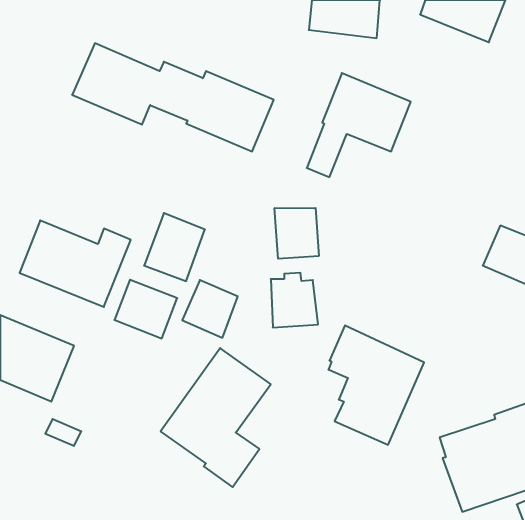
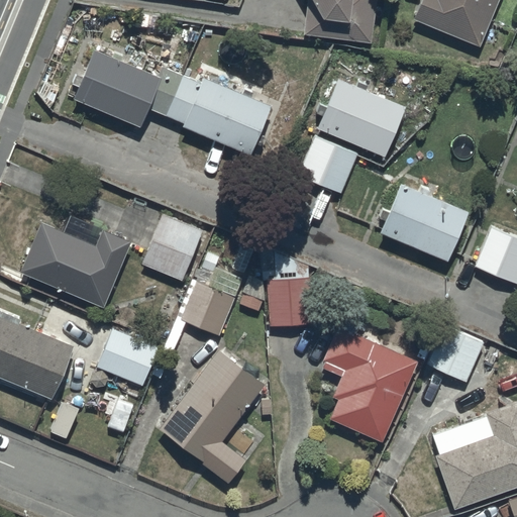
building: none -> [383,185,469,260]
building: [275,208,319,259] -> none
building: [114,280,177,338] -> [97,329,159,387]
building: none -> [417,325,484,383]

